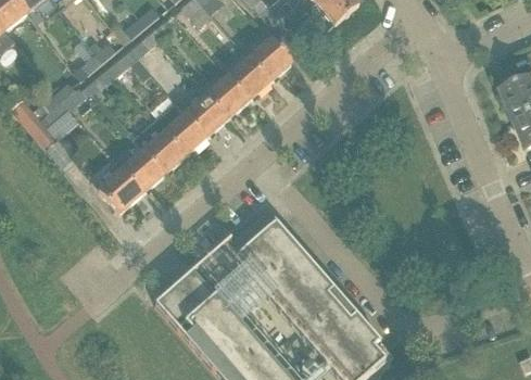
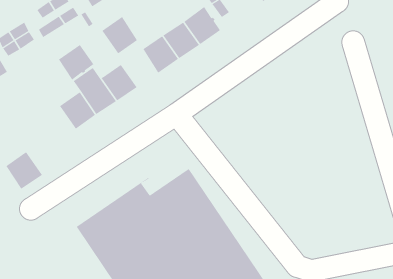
building: [185,93,227,137] -> [102,16,138,54]
building: none -> [58,44,94,81]
building: [99,169,142,213] -> [5,152,43,189]

